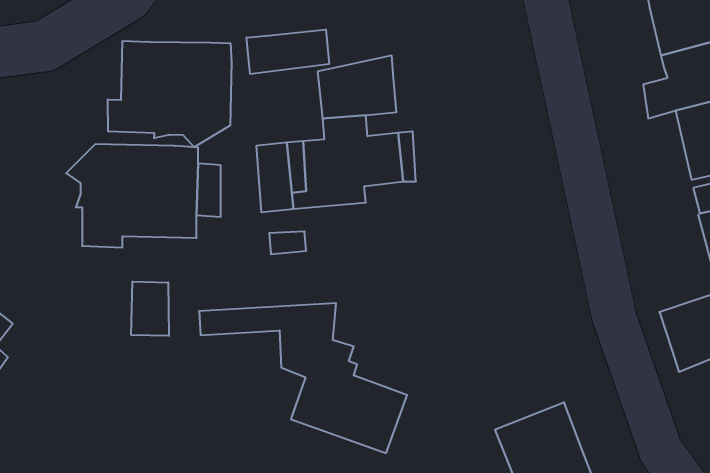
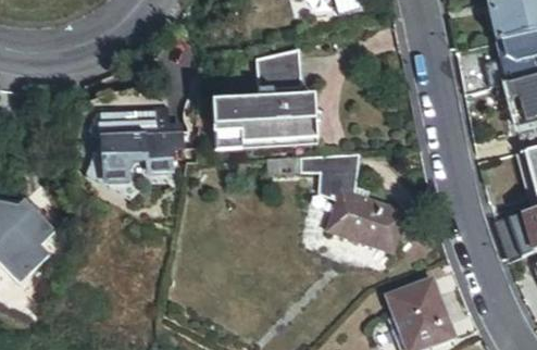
building: [247,29,329,74] -> none
building: [108,41,231,147] -> none
building: [131,281,169,336] -> none
building: [199,303,407,453] -> [265,153,405,254]

